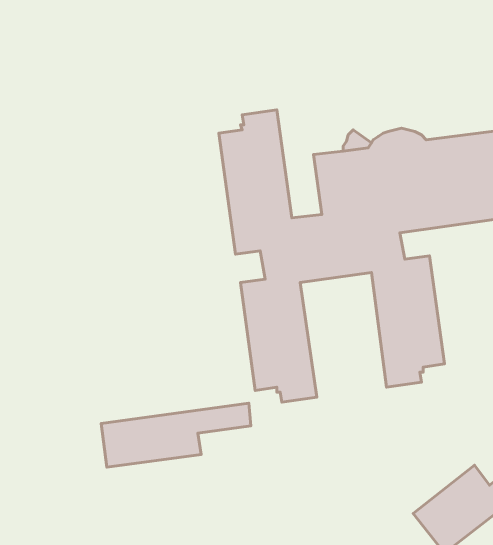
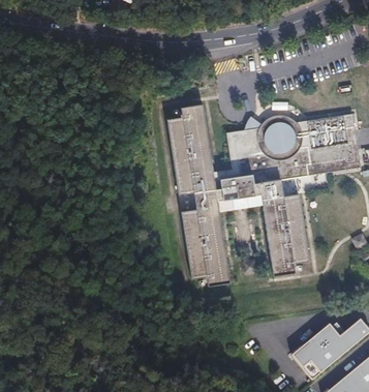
building: [101,403,251,467] -> none

